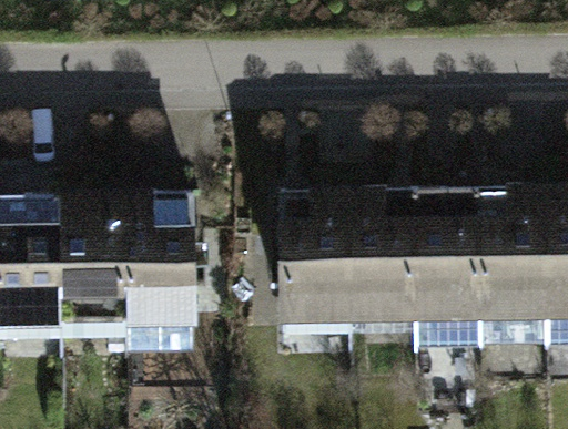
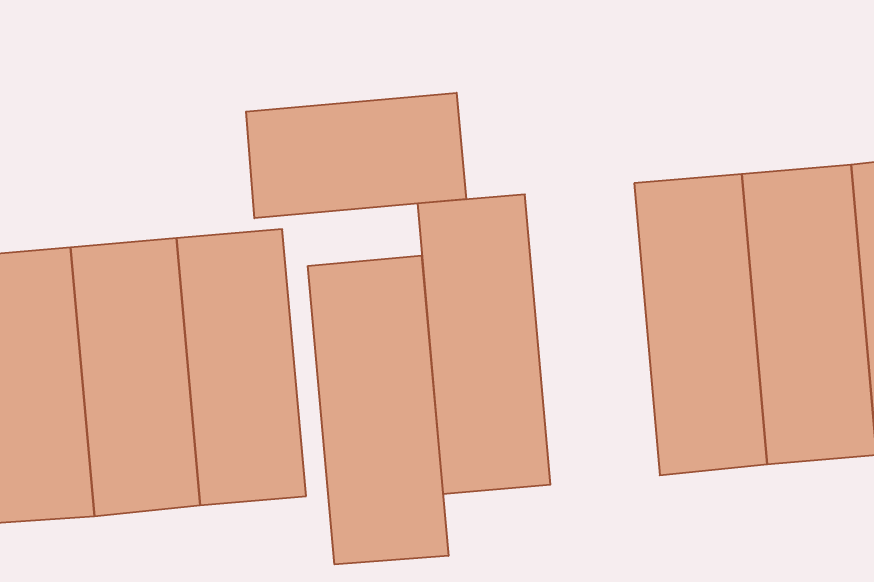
building: none -> [246,93,466,218]
building: [344,170,415,351] -> none
building: none -> [308,255,448,564]

